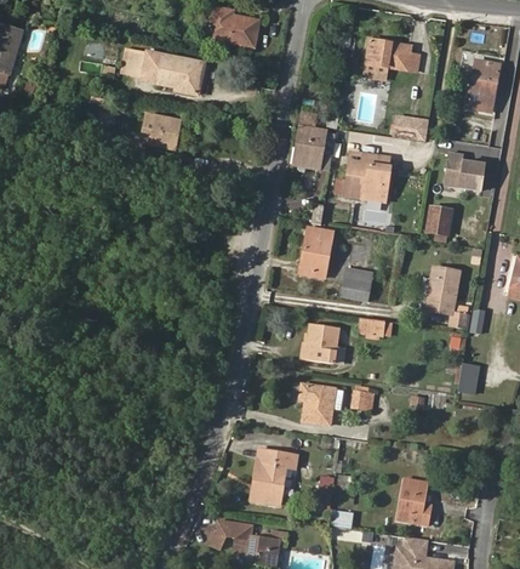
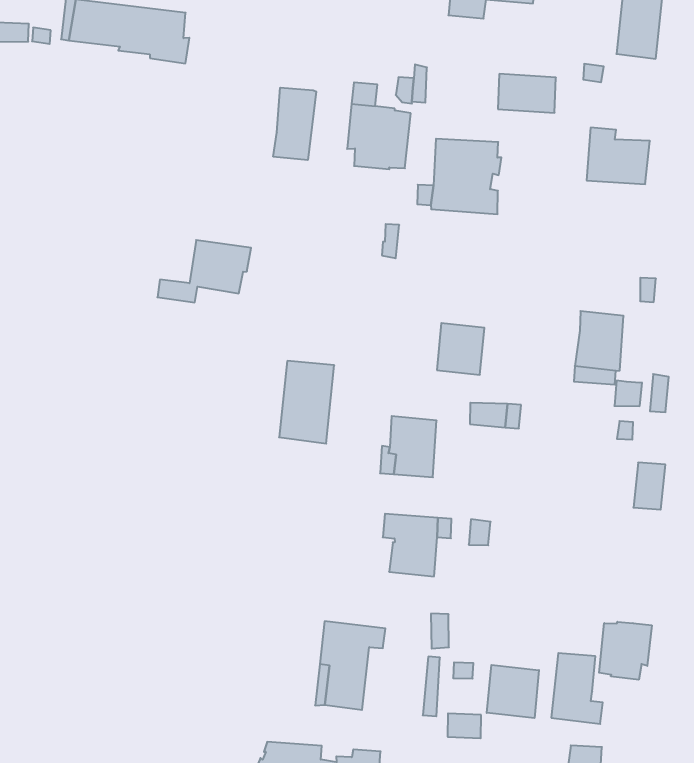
building: none -> [273,88,316,160]
building: [120,113,181,152] -> [157,240,251,302]
building: [423,204,452,235] -> none
building: [296,224,333,278] -> [279,361,334,444]
building: none -> [599,622,652,680]
building: none -> [487,665,539,718]

